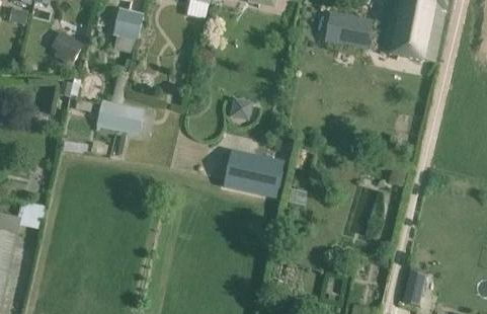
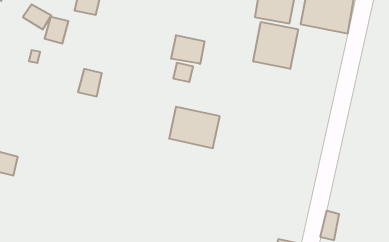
building: none -> [253,22,298,69]
building: none -> [171,35,205,64]
building: [94,99,123,131] -> [44,17,69,44]

